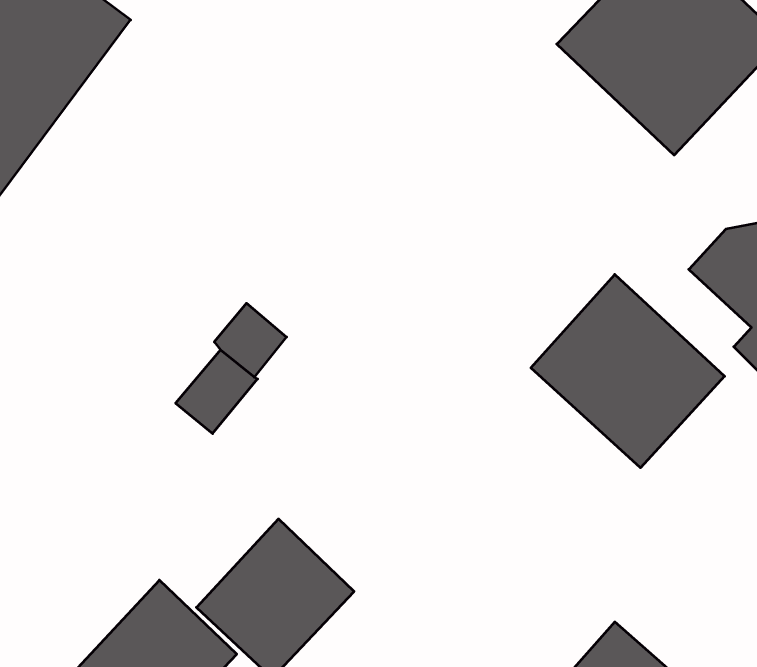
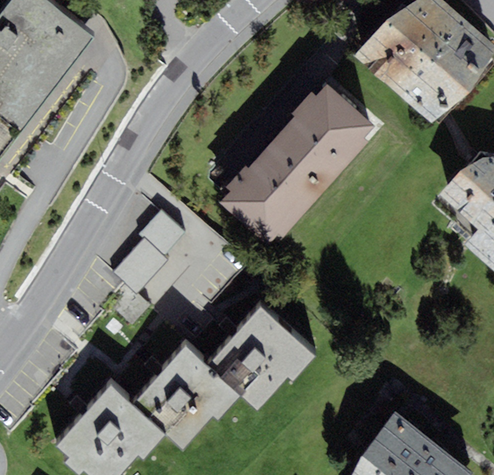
building: none -> [226,82,381,241]
building: [531,274,725,468] -> none
building: none -> [205,302,309,406]

